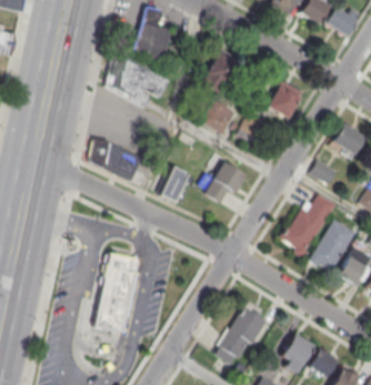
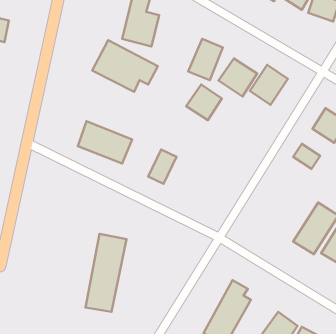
building: none -> [218,58,257,96]
building: [207,162,244,205] -> none
building: [283,191,337,256] -> none

